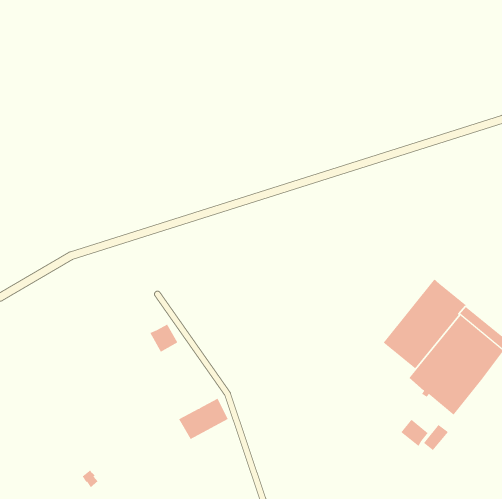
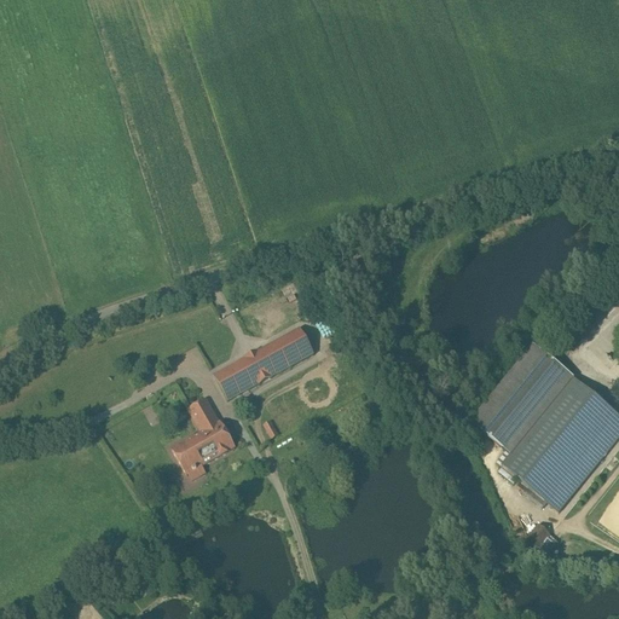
building: none -> [214,326,316,398]
building: [178,397,229,440] -> [173,420,235,472]
building: [400,419,429,447] -> none

